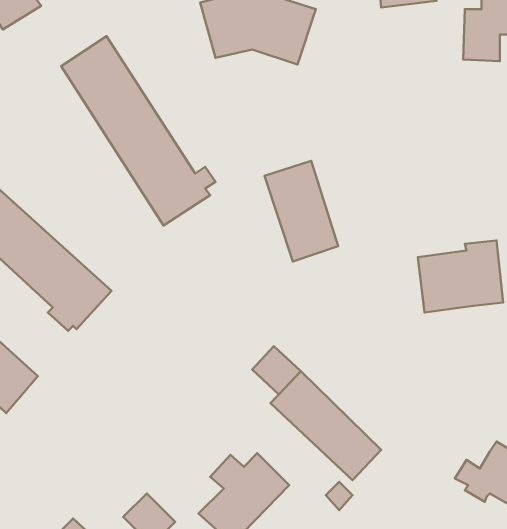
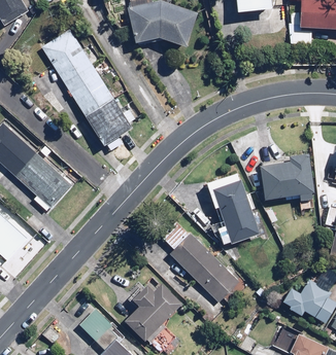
building: [264,161,338,261] -> [213,179,259,241]

